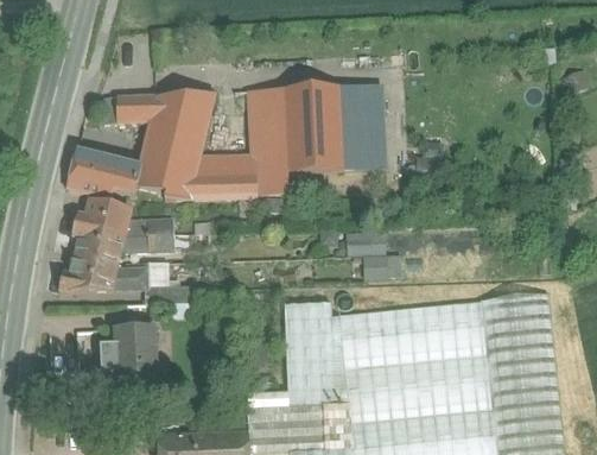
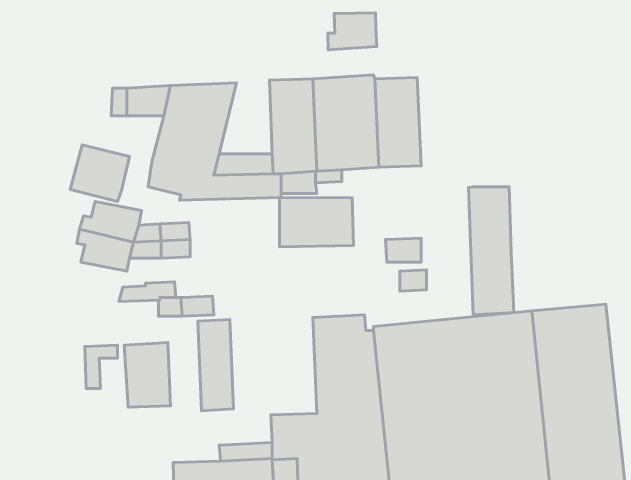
building: none -> [328,13,377,50]
building: [113,159,140,195] -> none
building: none -> [469,187,514,315]
building: none -> [279,198,353,247]
building: [58,254,118,292] -> none
building: none -> [198,319,233,411]

